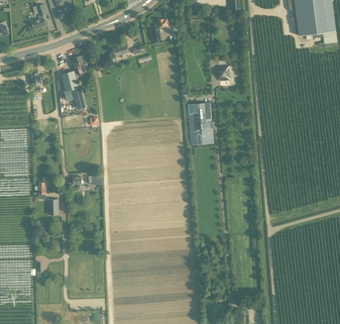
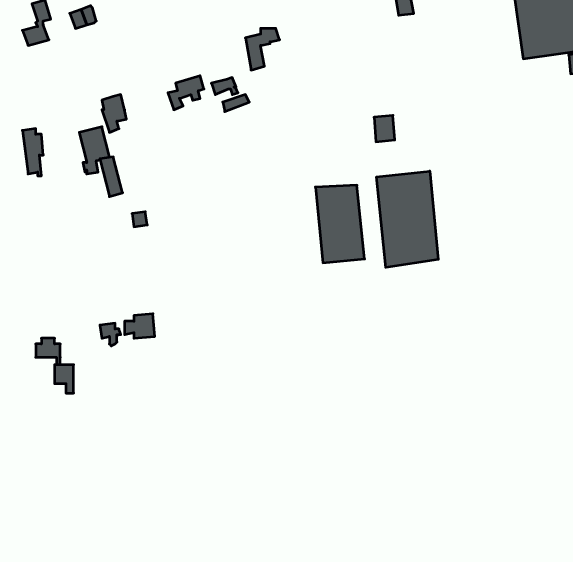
building: none -> [377,171,438,267]

